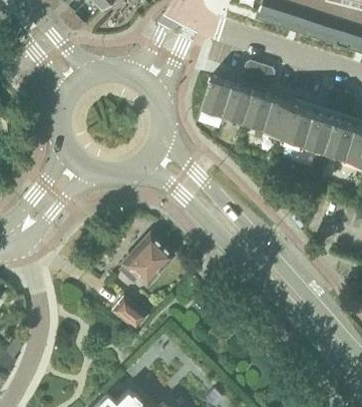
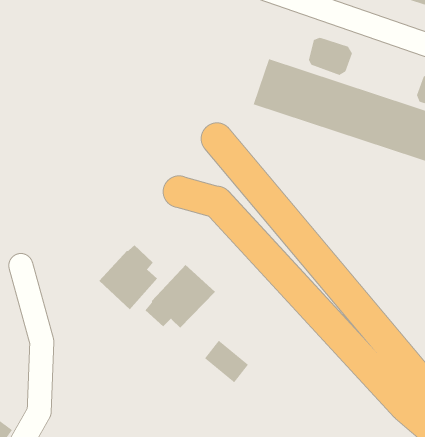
building: none -> [99,244,158,310]
building: [110,298,144,331] -> [204,340,249,383]

